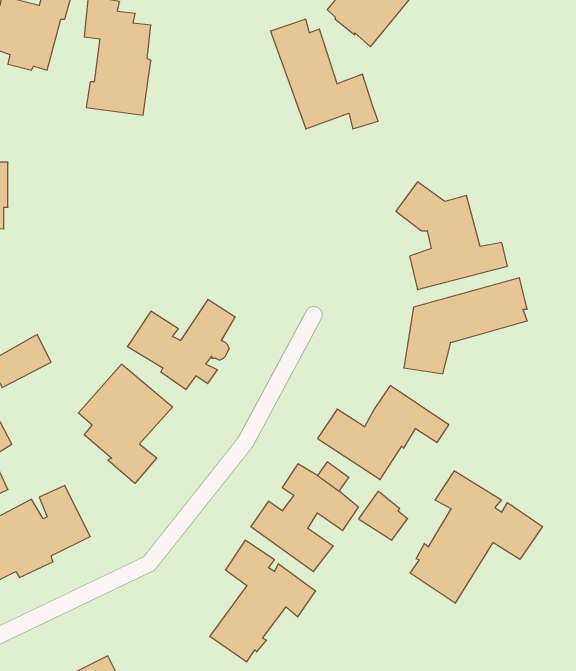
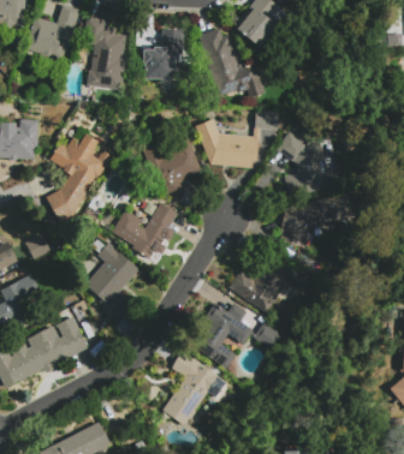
building: none -> [143,29,190,80]
building: none -> [196,110,279,168]
building: none -> [46,133,112,220]
building: none -> [143,135,203,204]
building: [410,471,543,603] -> none

